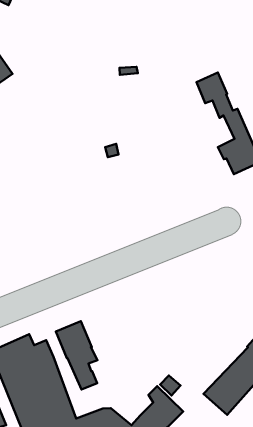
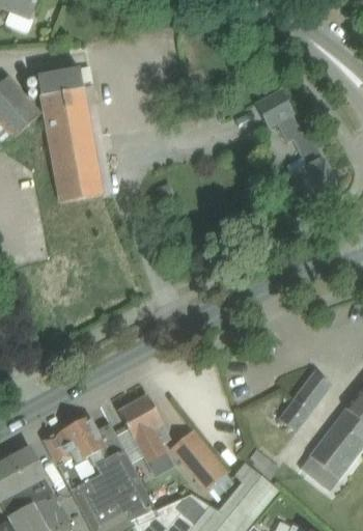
building: none -> [37,67,104,202]
building: none -> [278,369,330,429]
building: none -> [169,429,228,492]

